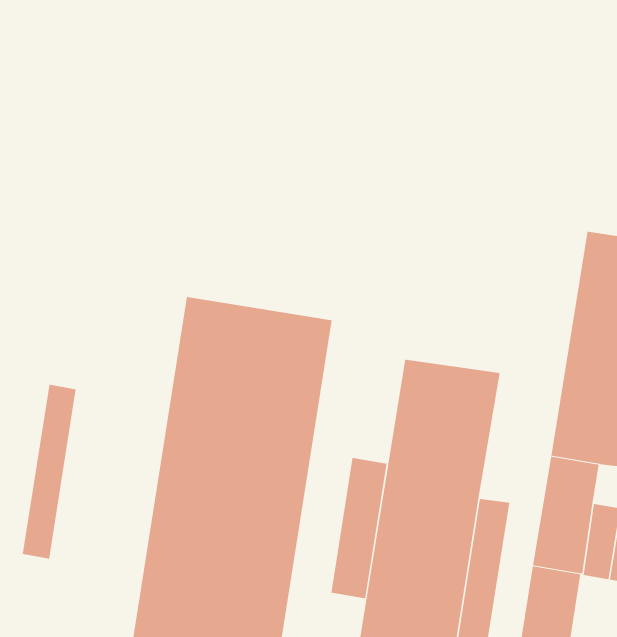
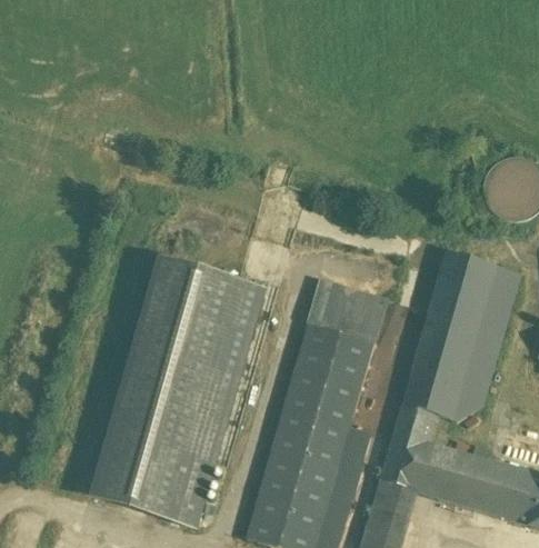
building: none -> [310,281,388,342]
building: [22,384,76,560] -> none
building: [331,457,387,599] -> none

